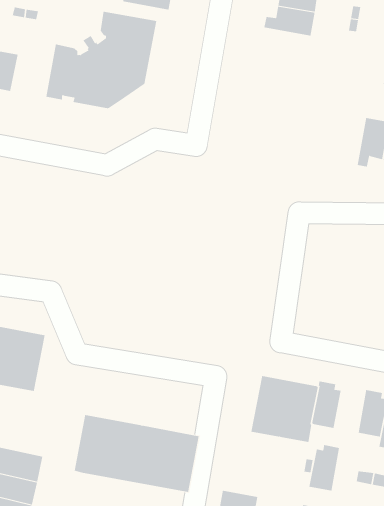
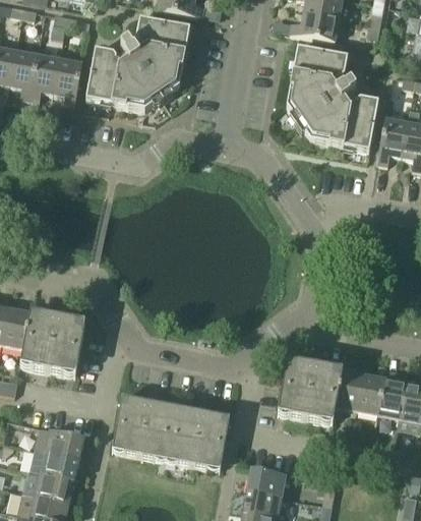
building: none -> [287,46,378,151]
building: none -> [53,58,82,106]
building: [308,445,340,491] -> [356,369,385,413]

